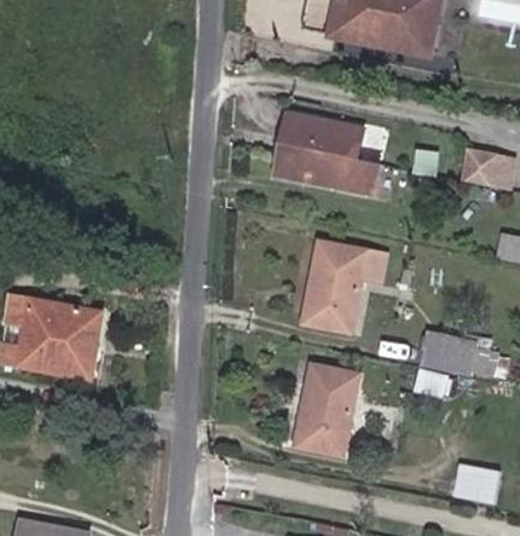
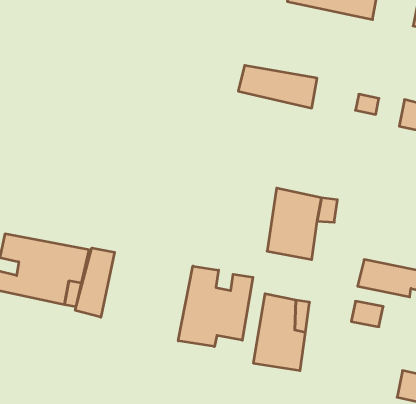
building: [267,137,381,197] -> none
building: none -> [75,248,115,317]
building: none -> [178,266,253,347]

